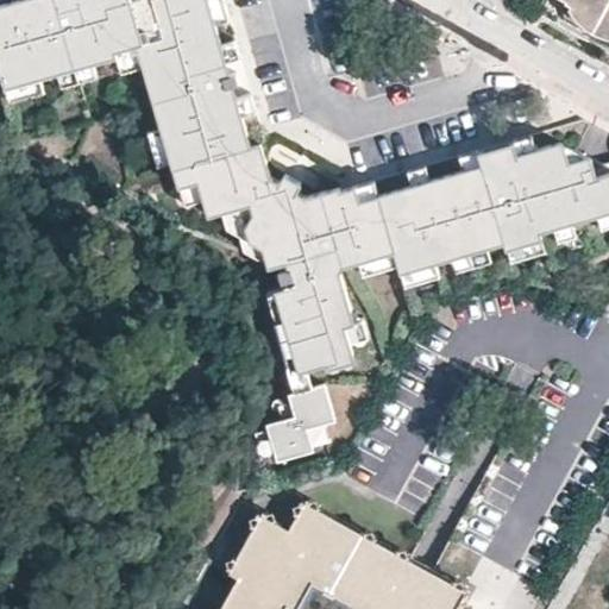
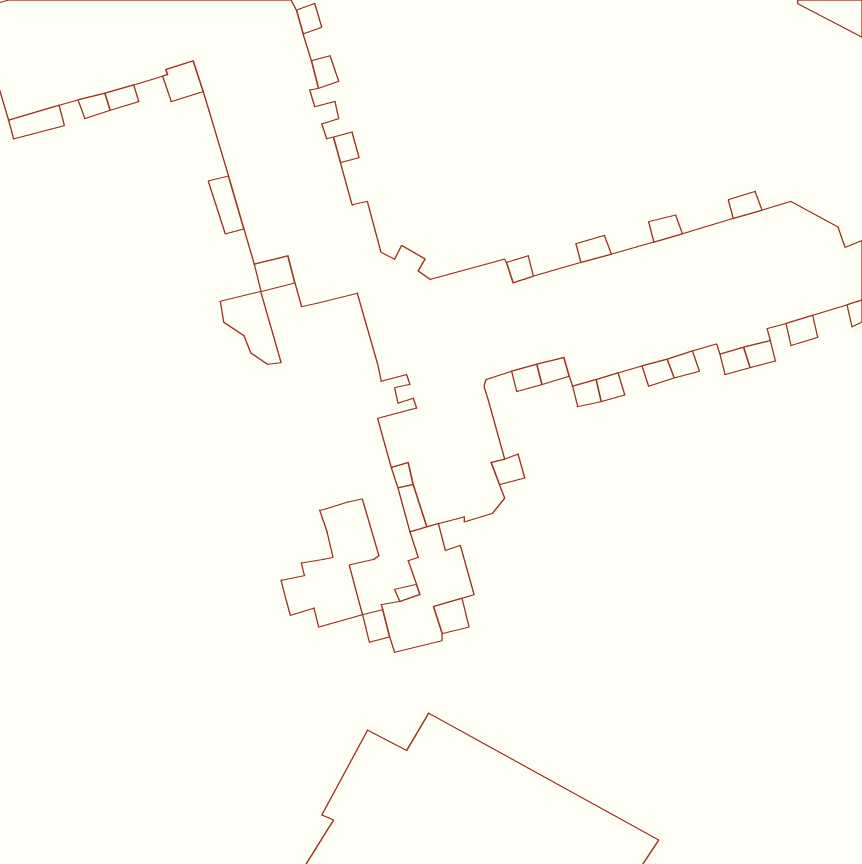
building: [222,207,265,258] -> [220,291,281,364]
building: none -> [281,499,379,627]

